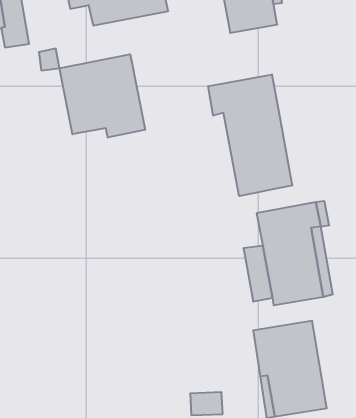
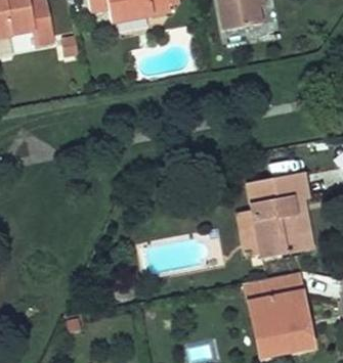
building: [59,54,145,138] -> none
building: [208,74,292,196] -> none

